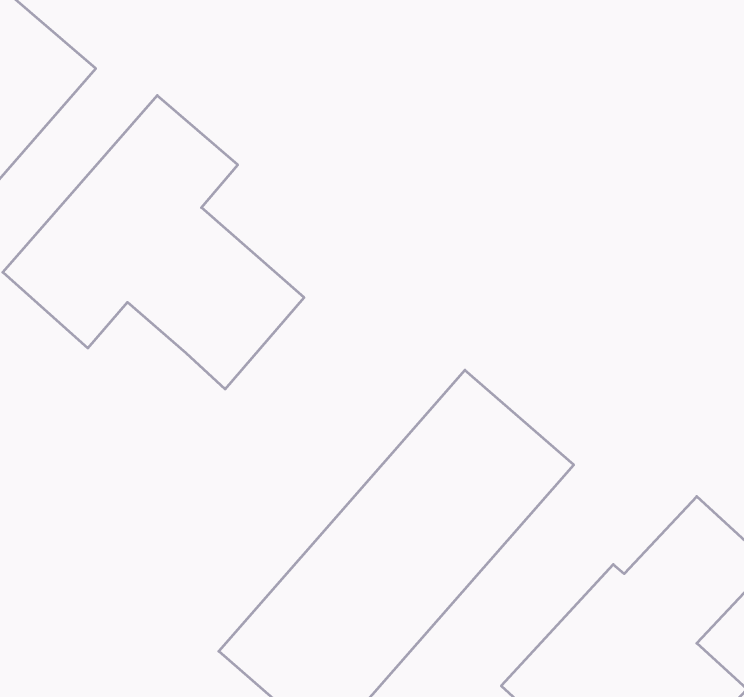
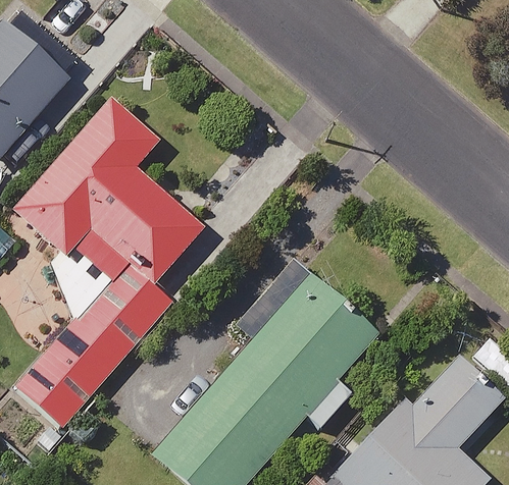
building: none -> [15,261,175,429]

